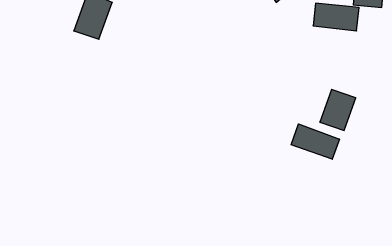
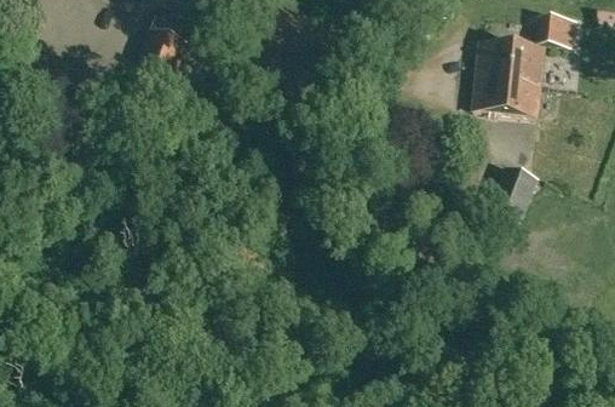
building: none -> [473,70,540,111]
building: [291,124,339,159] -> none

